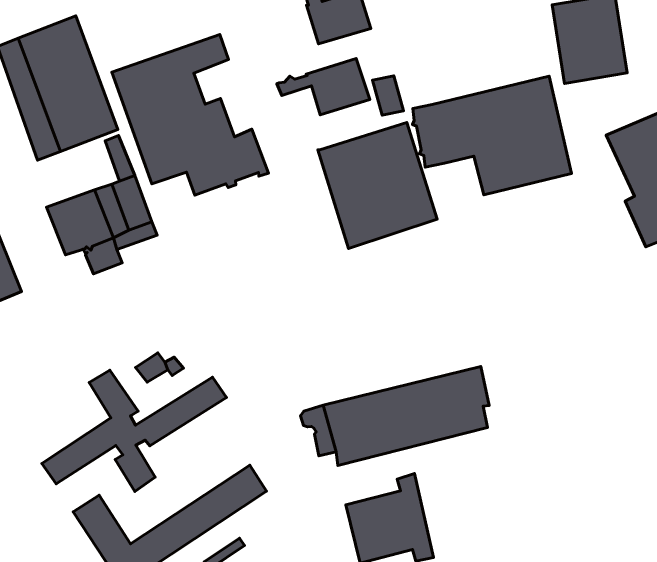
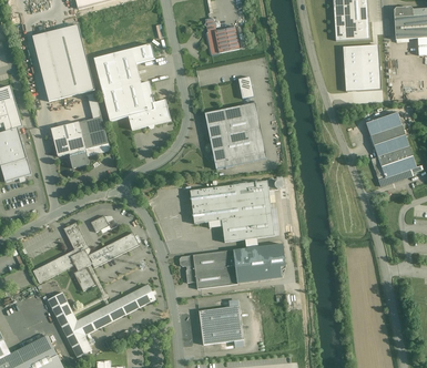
building: [277,59,370,115] -> none
building: [412,76,572,195] -> [189,181,274,243]

